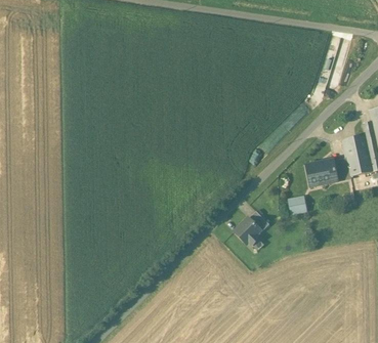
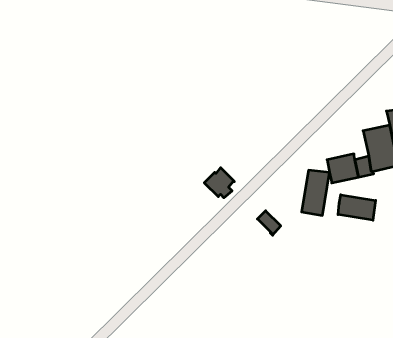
building: none -> [338,195,376,220]
building: [234,217,260,244] -> [204,168,234,198]

